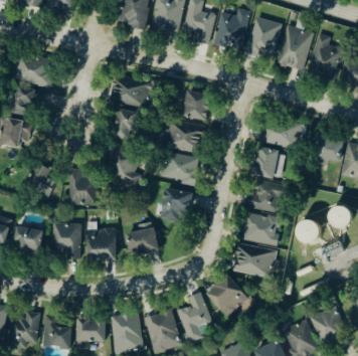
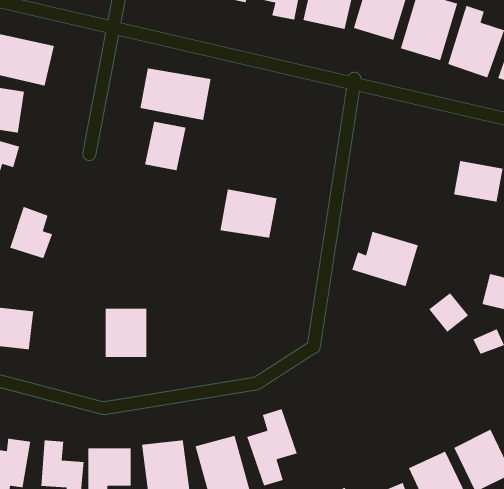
building: [182,91,210,120] -> none
building: [259,117,304,149] -> none
building: [162,119,204,153] -> none
building: [100,142,142,185] -> none
building: [251,147,286,179] -> none
building: [68,170,97,204] -> none
building: [159,188,191,223] -> none
building: [240,212,279,245] -> none
building: [52,224,80,259] -> none
building: [126,227,159,257] -> none
building: [233,243,276,278] -> none
building: [206,276,248,318] -> none

